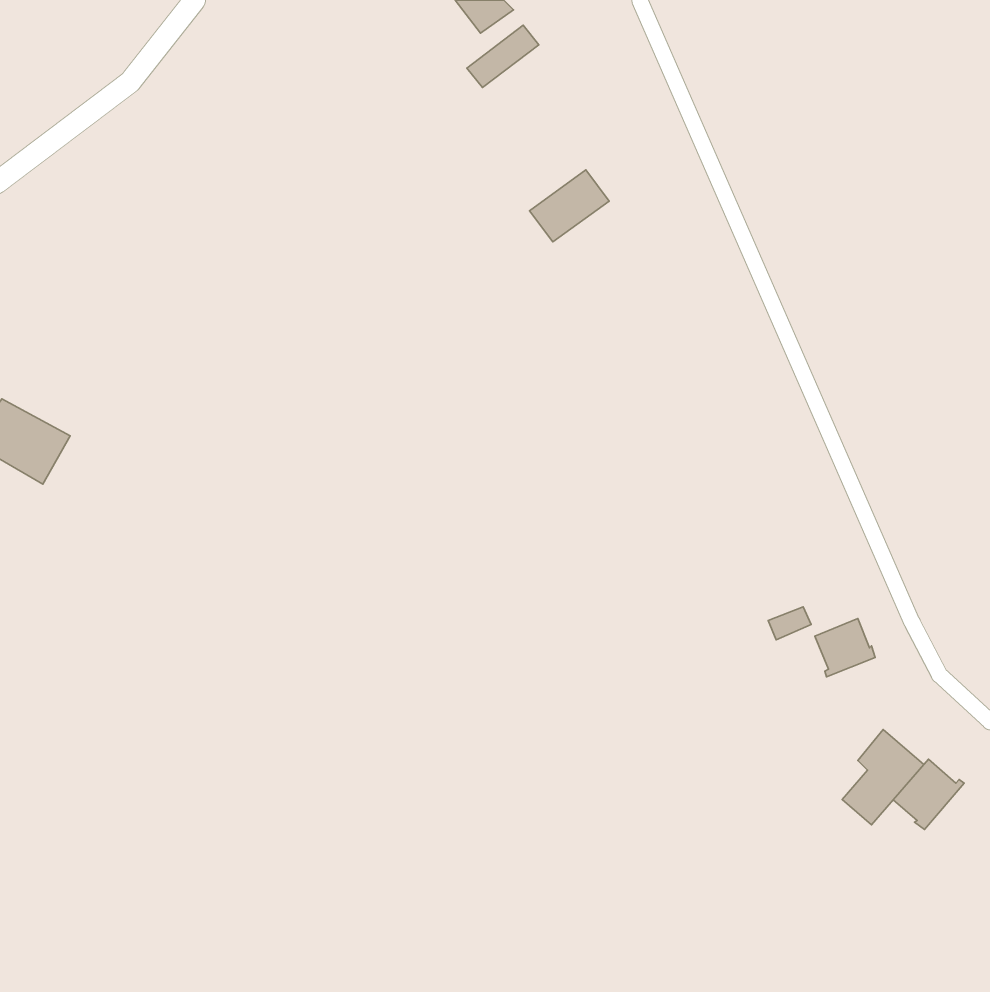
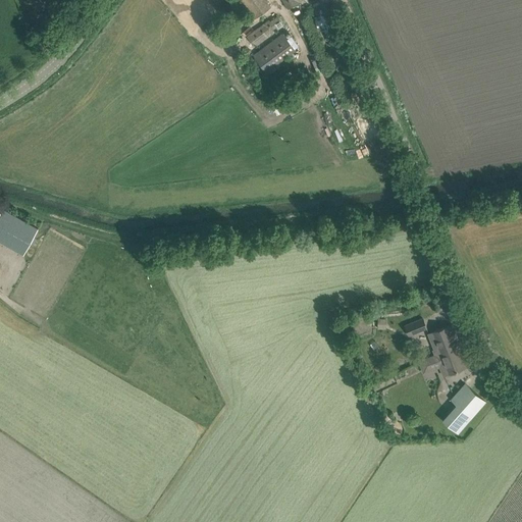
building: [530,170,609,242] -> [252,34,294,71]
building: none -> [433,346,468,376]
building: [893,759,964,830] -> none

